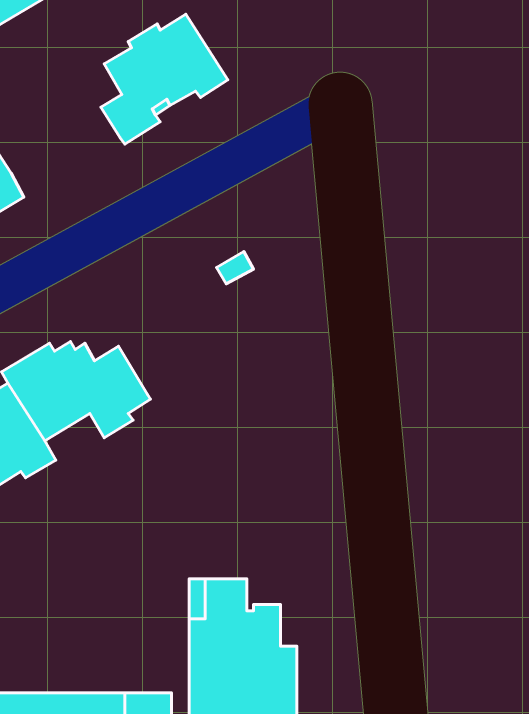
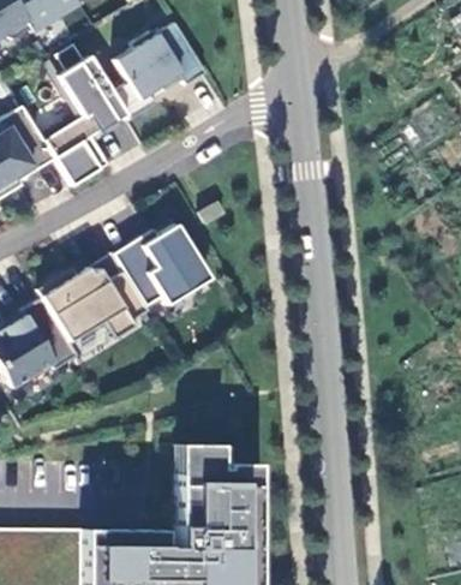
building: none -> [44,54,126,183]
building: none -> [114,221,210,304]

